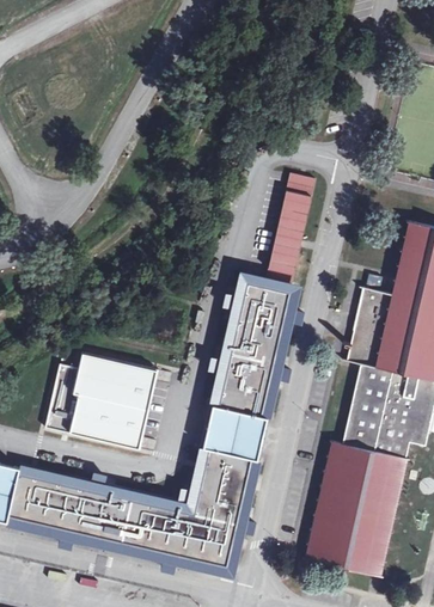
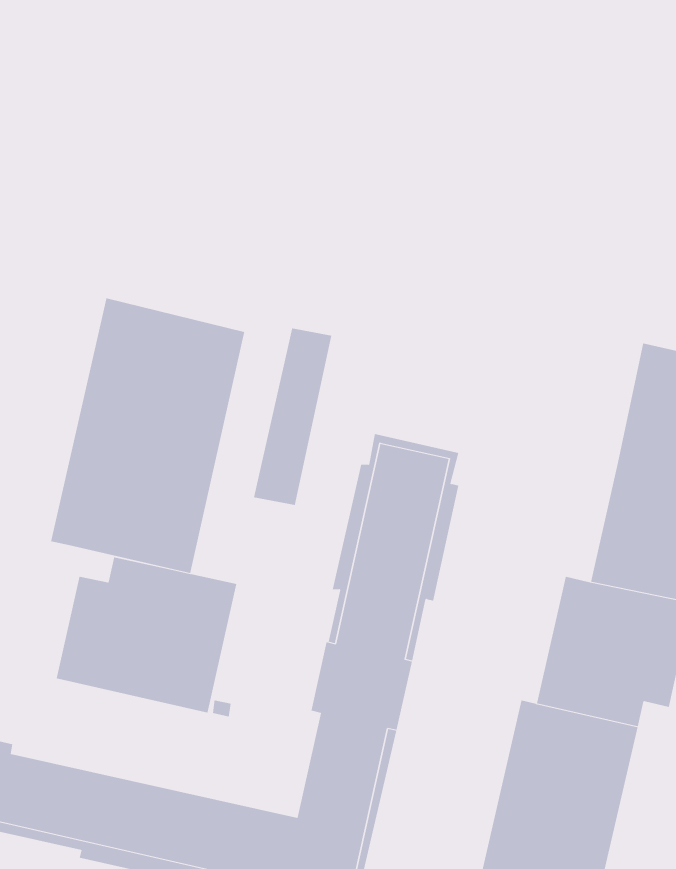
building: [264,173,313,283] -> [253,328,332,505]
building: none -> [51,297,245,574]
building: [346,288,392,368] -> none
building: [17,448,208,514] -> none

